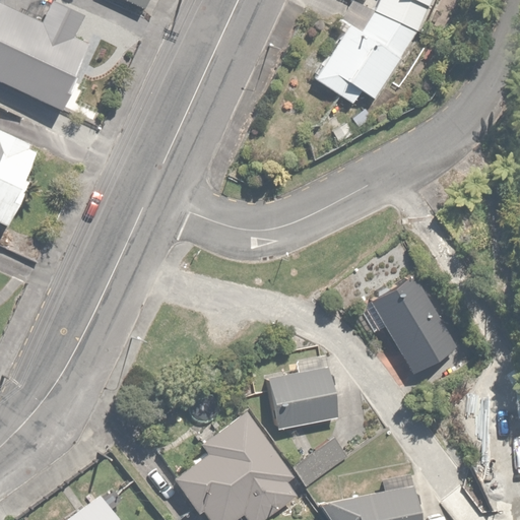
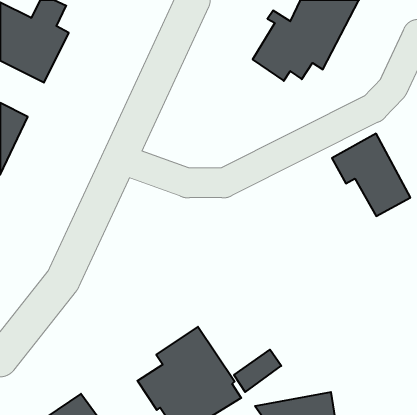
building: [359,272,456,375] -> [332,134,410,216]
building: [265,355,336,429] -> none

